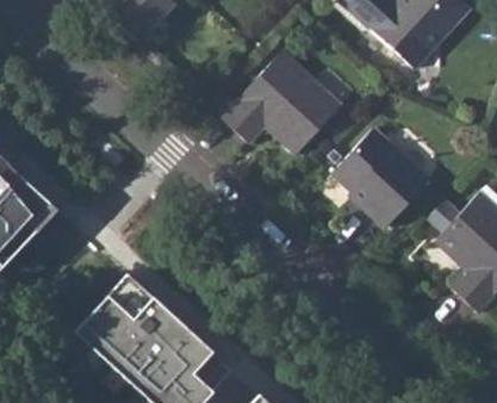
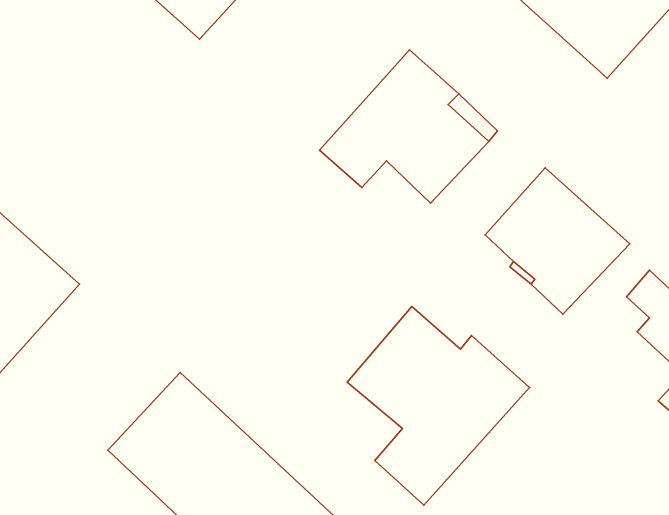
building: none -> [347,306,529,505]

